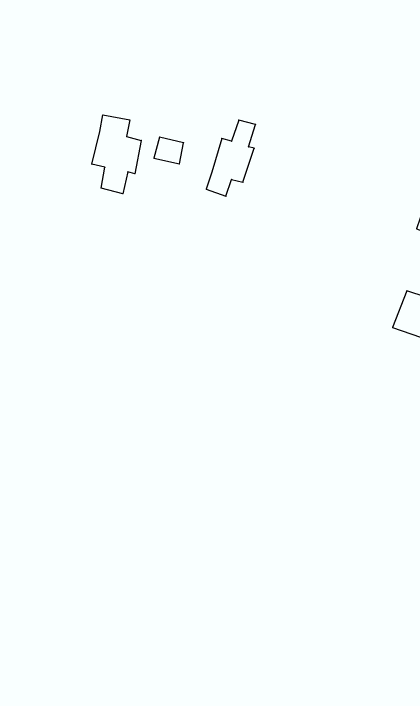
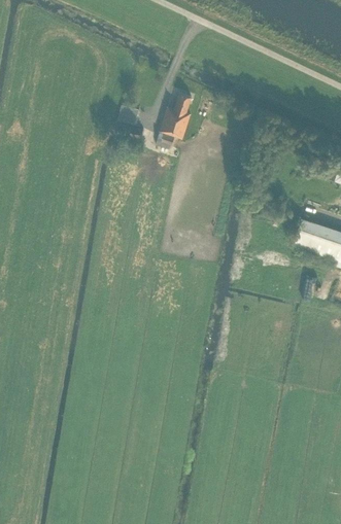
building: [92,115,141,194] -> none

